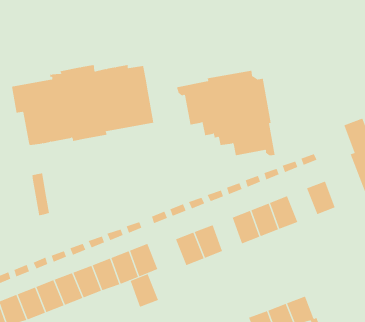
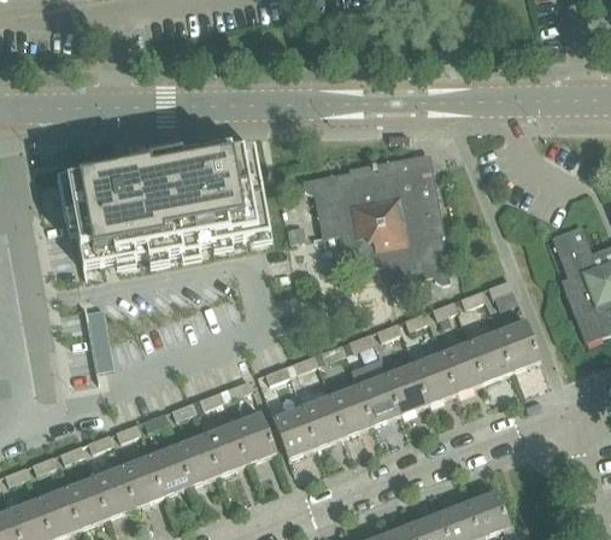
building: none -> [468,330,511,381]
building: none -> [357,374,399,424]
building: [130,274,159,307] -> [272,406,316,457]

